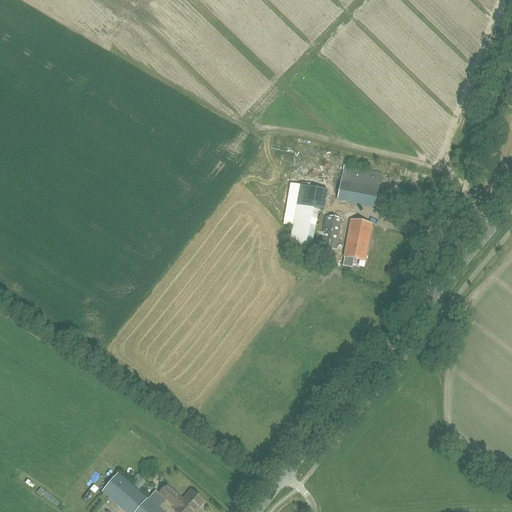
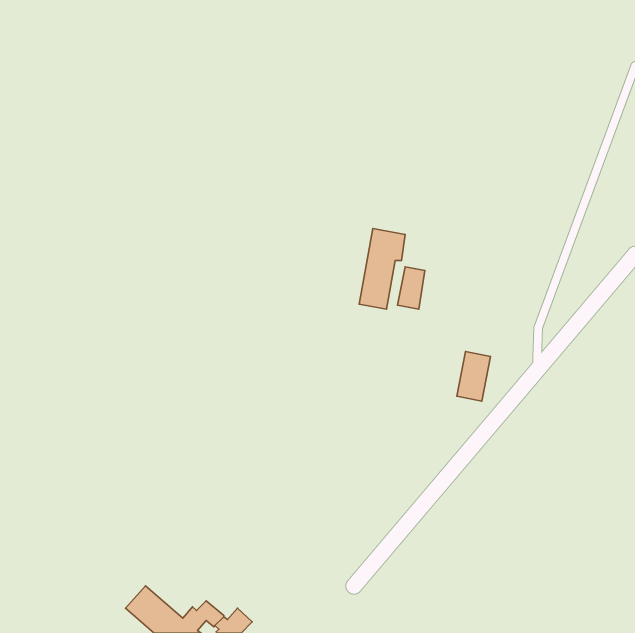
building: [339,166,383,206] -> none
building: [344,220,371,260] -> [457,352,490,401]

